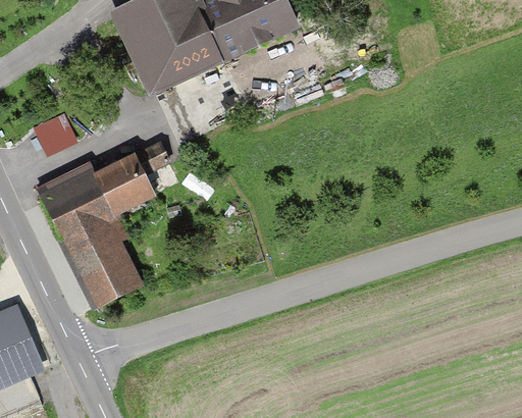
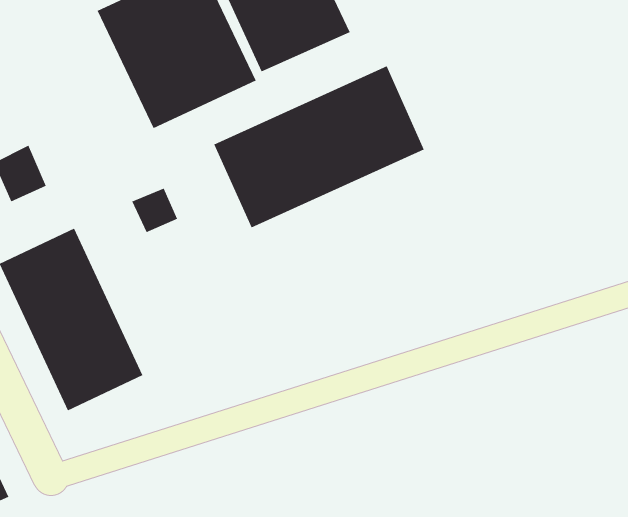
building: none -> [213,65,425,229]
building: [99,154,157,218] -> none

